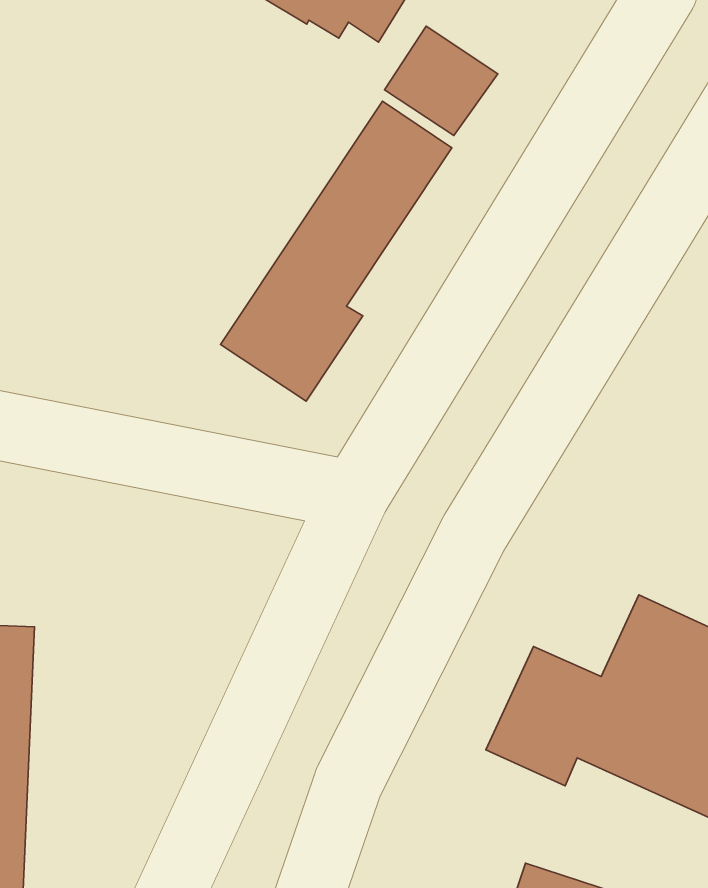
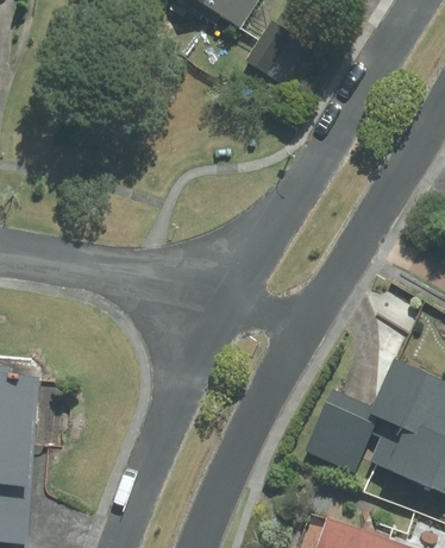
building: [220,101,452,401] -> none

